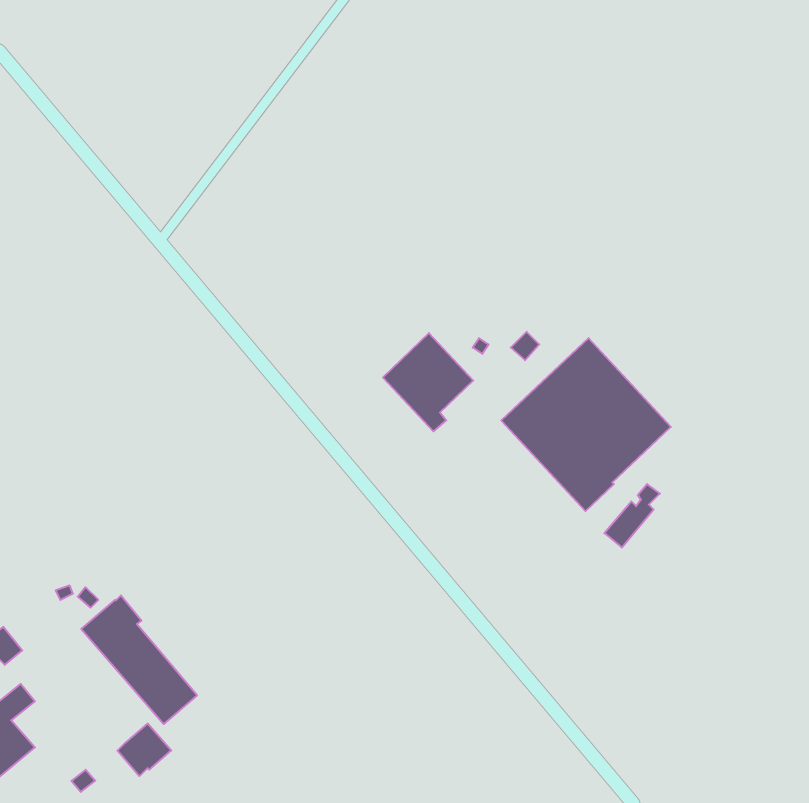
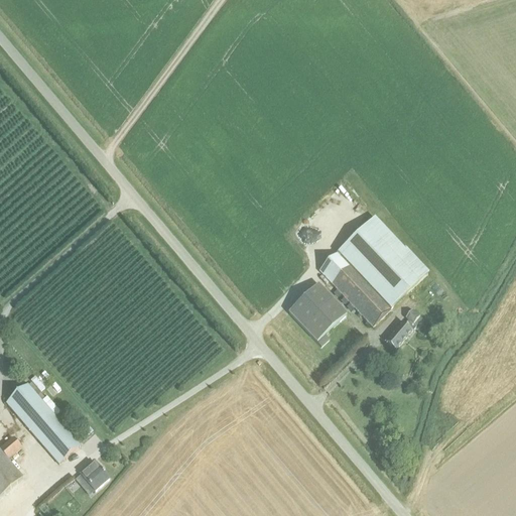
building: [383,333,473,431] -> [288,281,346,344]
building: [81,595,197,724] -> [6,379,80,461]

